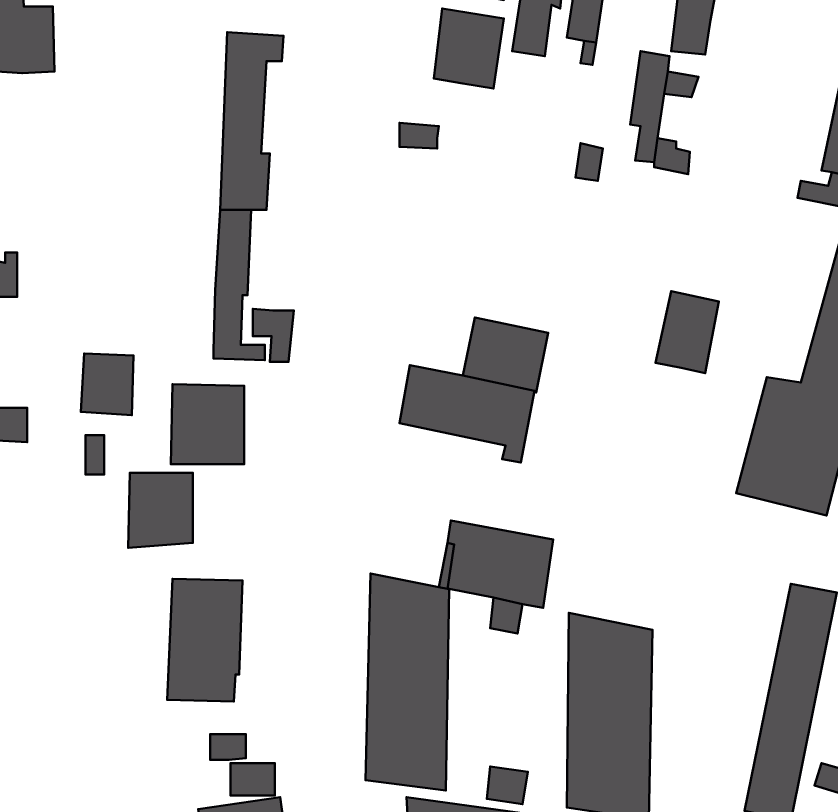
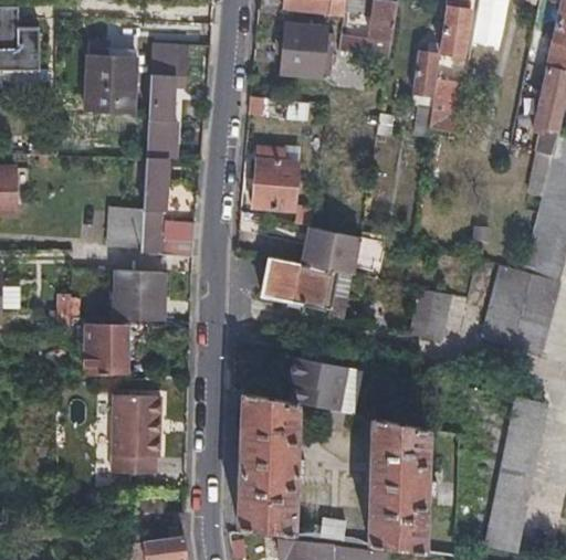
building: none -> [84,51,136,112]
building: none -> [255,151,296,210]
building: [656,291,719,373] -> [409,288,450,341]
building: [81,354,134,415] -> [108,208,143,247]

